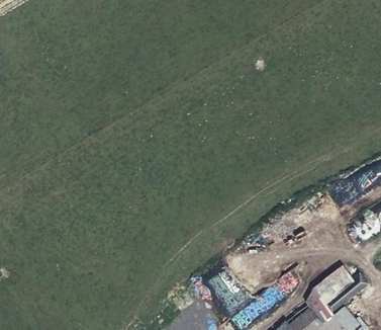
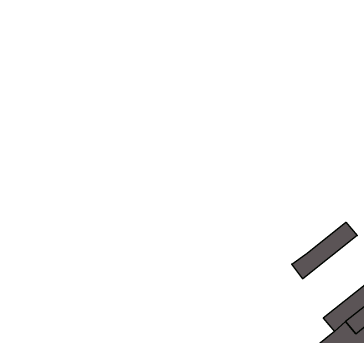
building: none -> [292,222,357,279]

